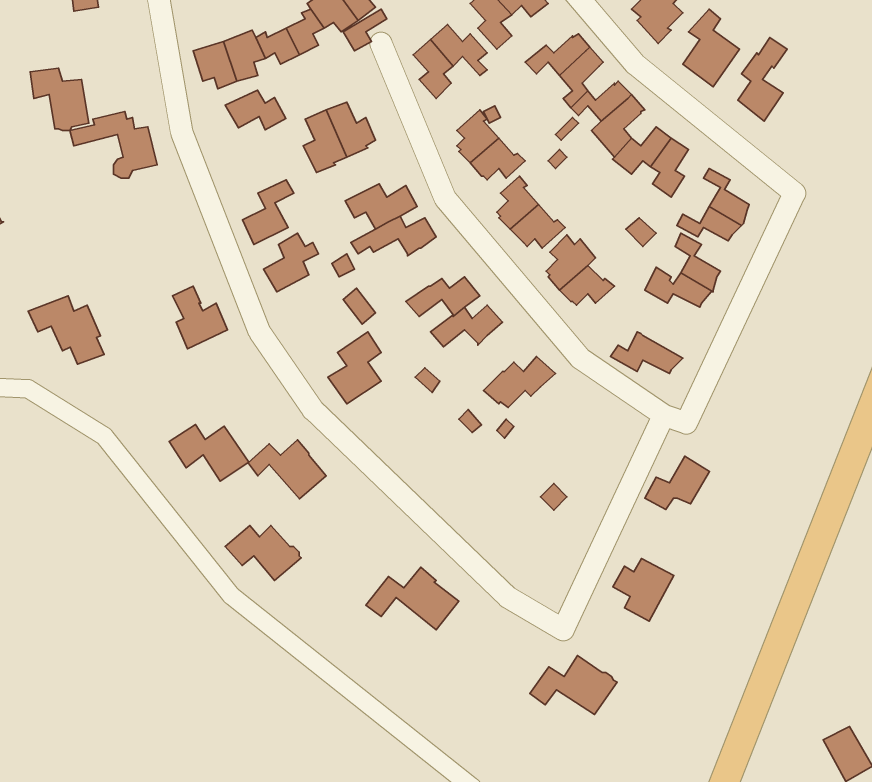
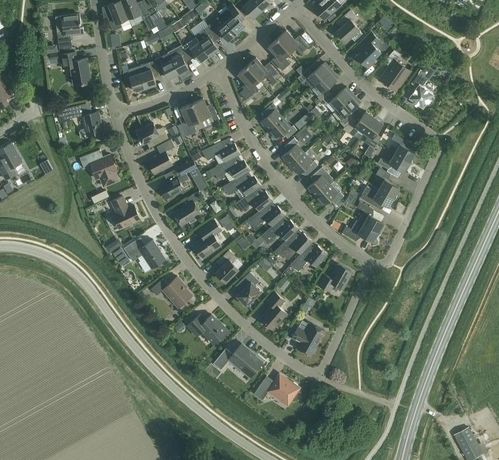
building: [30,68,89,131] -> [59,53,90,86]
building: [225,90,286,130] -> [135,124,167,145]
building: none -> [222,176,260,196]
building: none -> [172,192,200,226]
building: [28,296,104,364] -> [78,150,118,186]
building: none -> [356,202,383,234]
building: none -> [260,220,298,244]
building: none -> [289,246,326,272]
building: none -> [214,250,237,282]
building: [169,424,249,481] -> [123,239,165,269]
building: none -> [236,272,259,306]
building: [645,456,709,509] -> [317,264,351,292]
building: none -> [260,292,285,329]
building: [225,526,301,581] -> [186,315,226,344]
building: [613,558,674,621] -> [291,323,323,356]
building: [530,656,617,714] -> [253,374,299,405]

